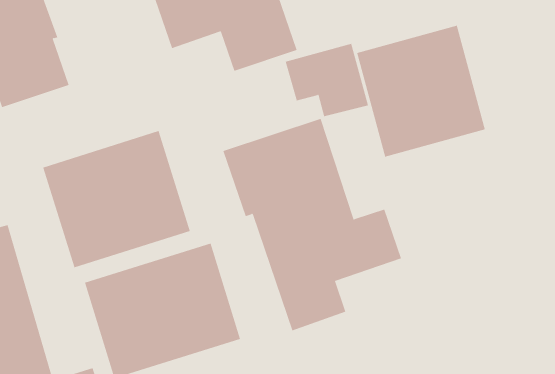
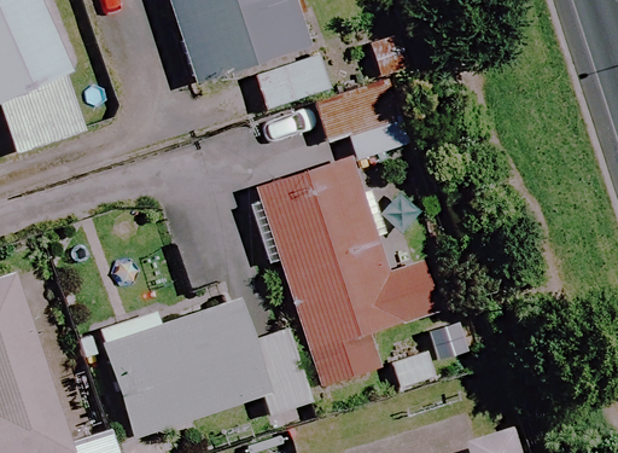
building: [356,25,485,157] -> none
building: [43,130,191,268] -> none

